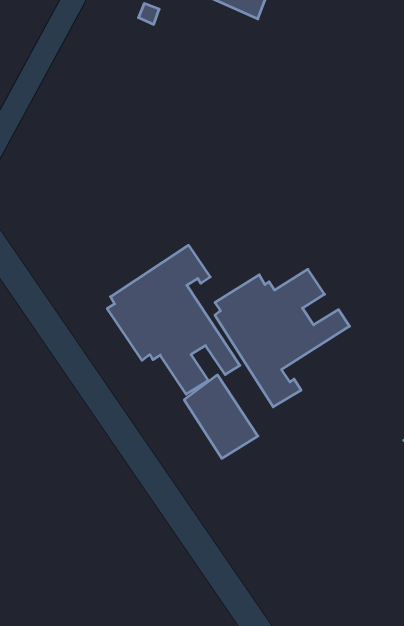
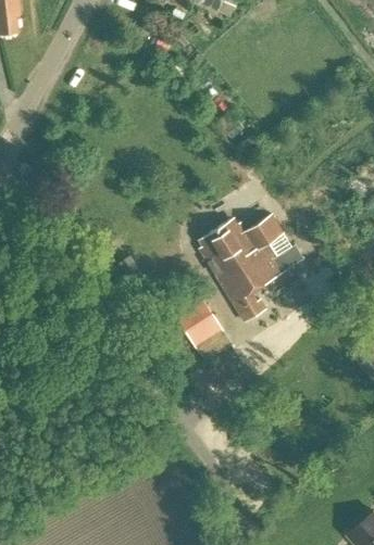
building: [107,245,240,394] -> none

